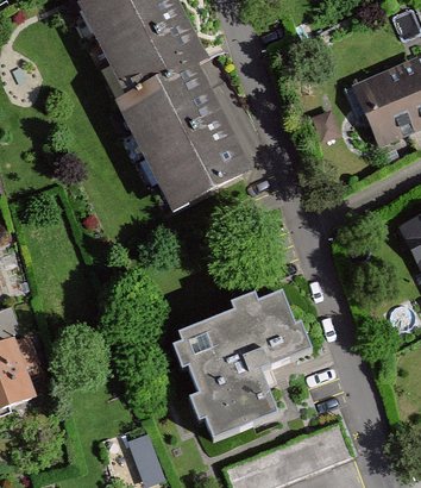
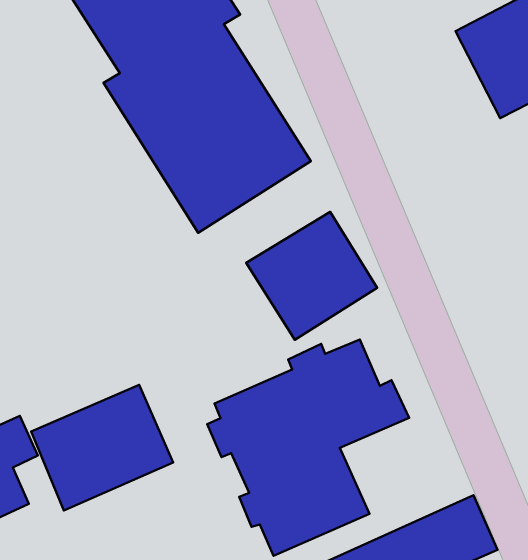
building: none -> [246,212,377,340]
building: none -> [31,385,173,510]

